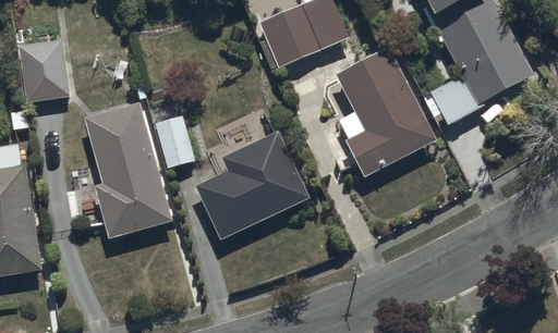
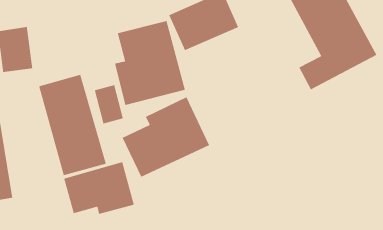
building: none -> [114,20,186,106]
building: [336,47,438,177] -> none
building: none -> [63,161,135,215]

